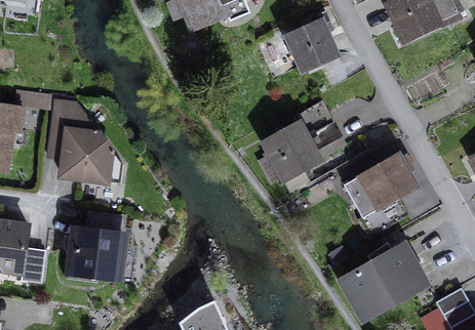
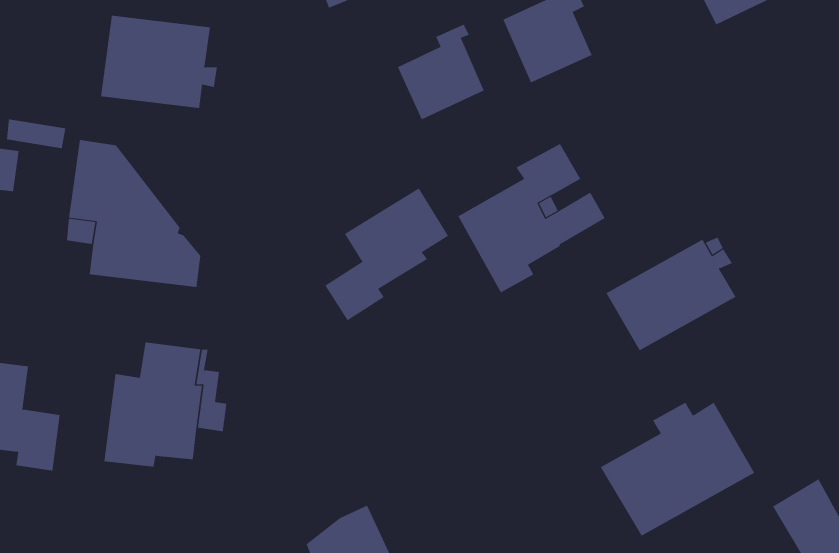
building: none -> [101,15,218,109]
building: none -> [397,24,485,120]
building: none -> [324,187,449,321]

